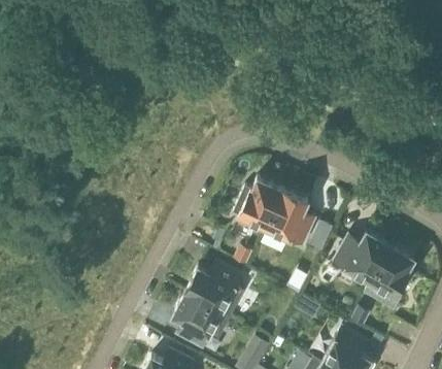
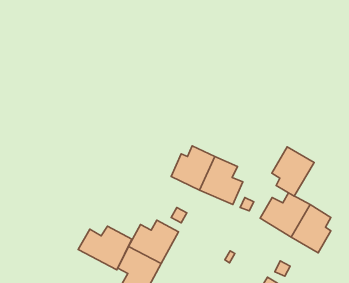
building: none -> [272,147,314,196]
building: none -> [78,226,132,270]

